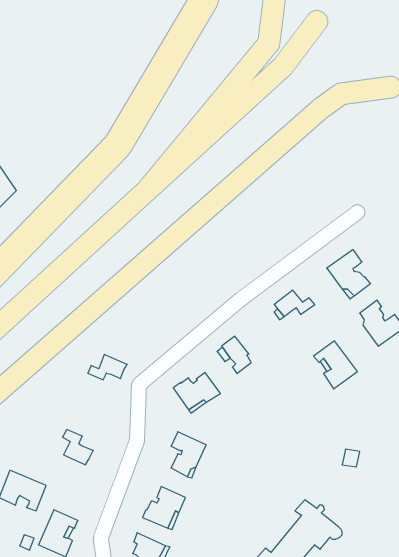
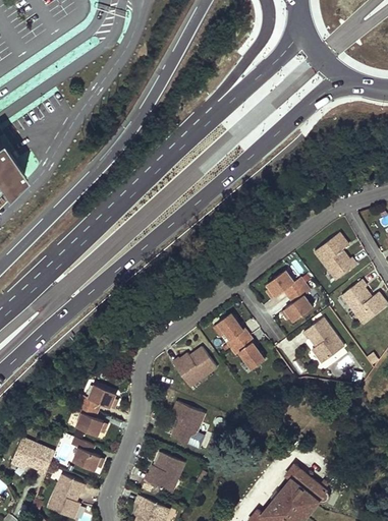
building: none -> [284,284,311,321]
building: [88,354,127,380] -> [73,383,110,406]
building: none -> [231,338,265,367]
building: none -> [70,437,99,470]

